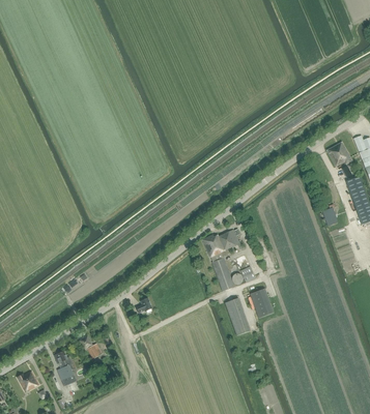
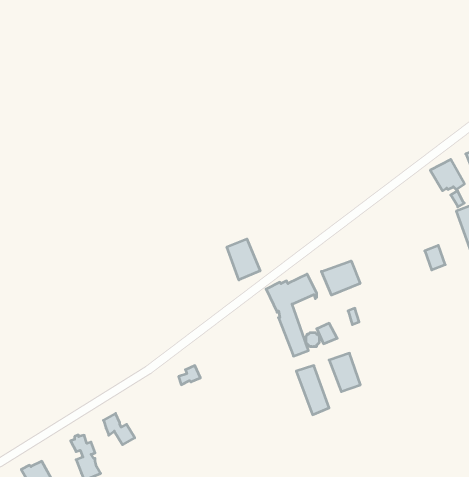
building: none -> [227,239,260,280]
building: none -> [321,261,360,295]

